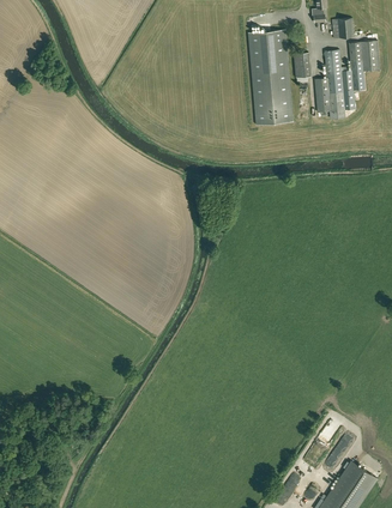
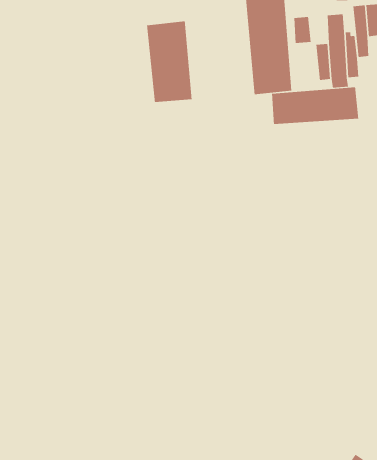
building: none -> [146,20,192,103]
building: none -> [272,86,359,125]

